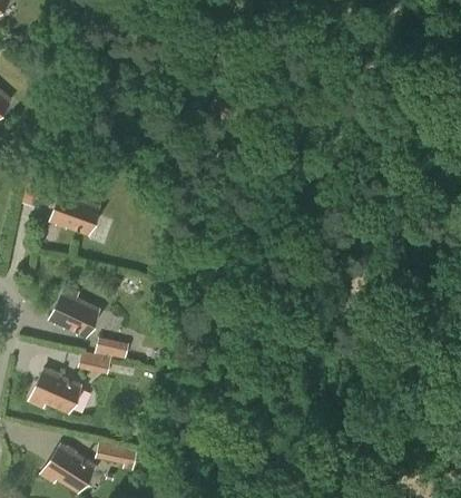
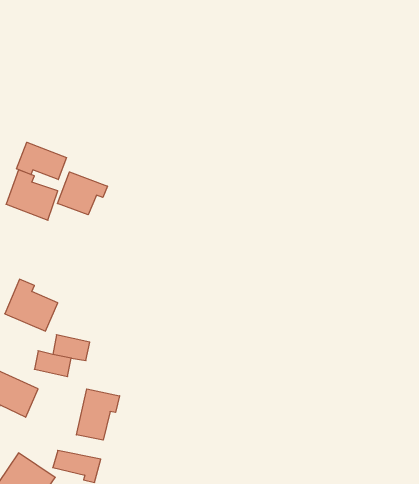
building: none -> [17,142,67,180]
building: none -> [57,172,107,215]
building: none -> [76,389,120,440]

